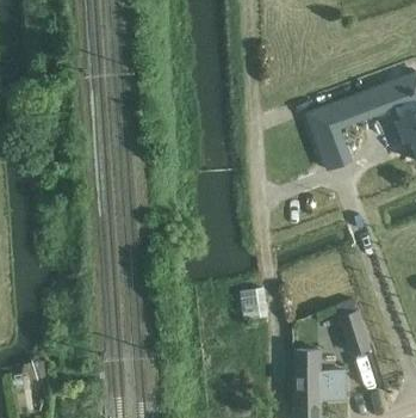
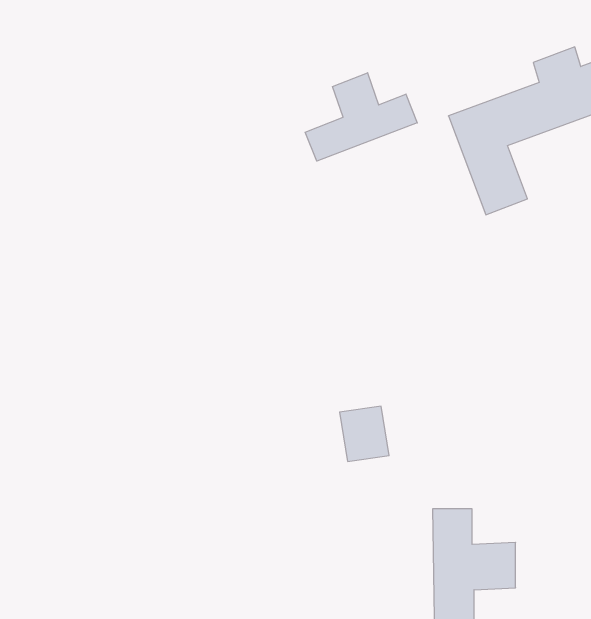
building: none -> [305,73,417,161]
building: [337,311,371,356] -> none

